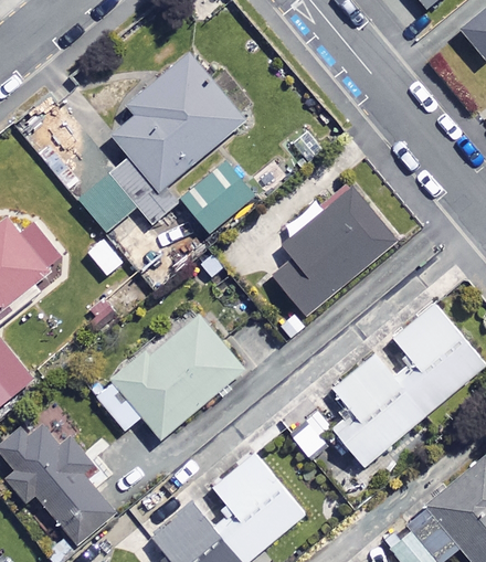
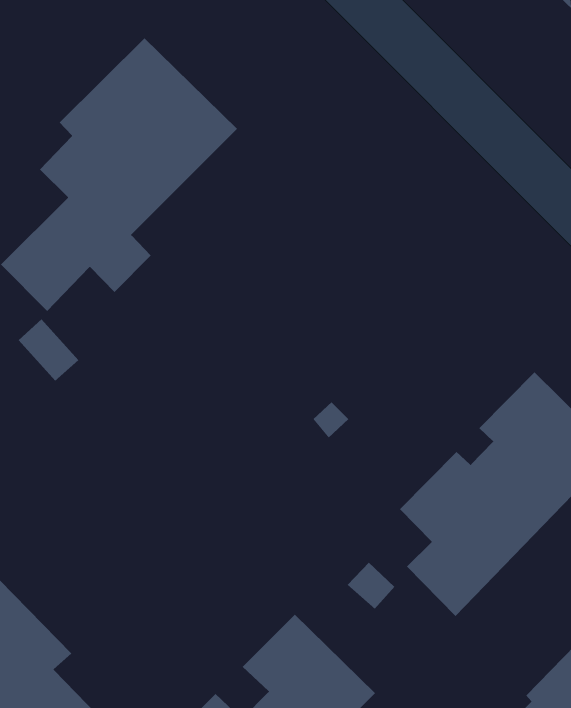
building: [178,157,255,232] -> none
building: [270,185,395,315] -> none
building: [95,312,244,437] -> none

